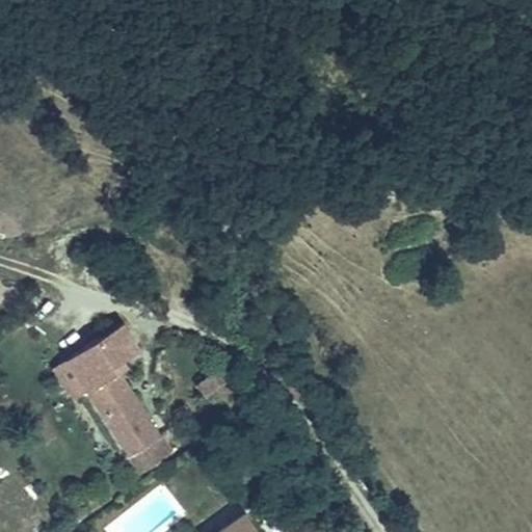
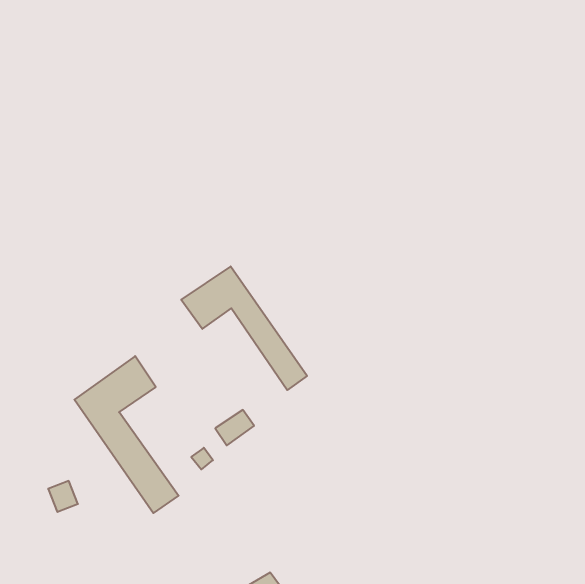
building: none -> [181,266,307,390]

